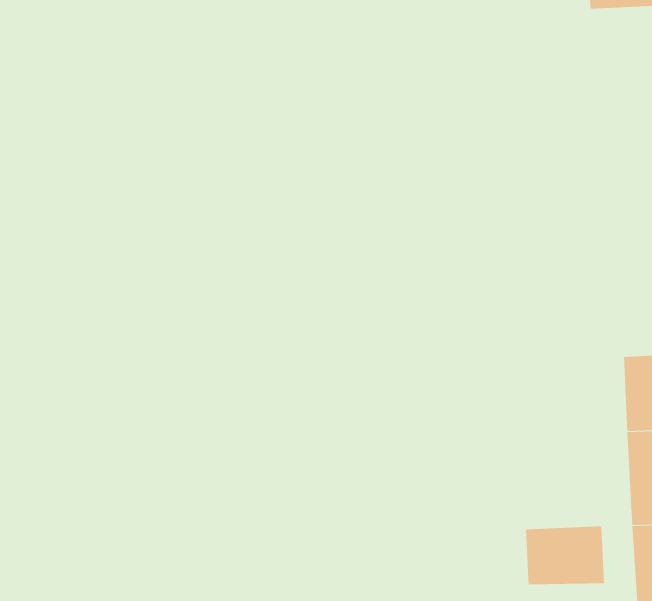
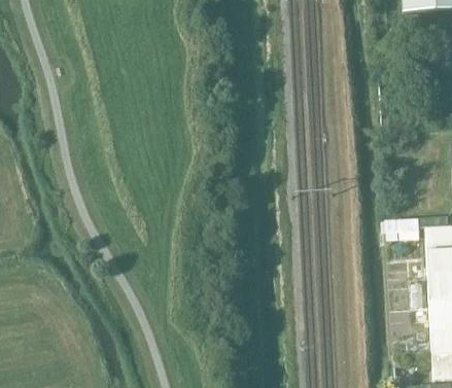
building: [526,525,604,585] -> none

